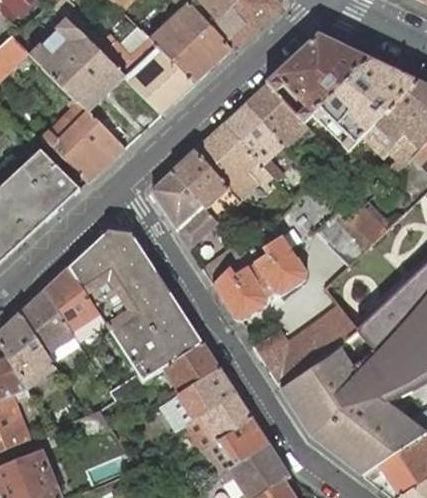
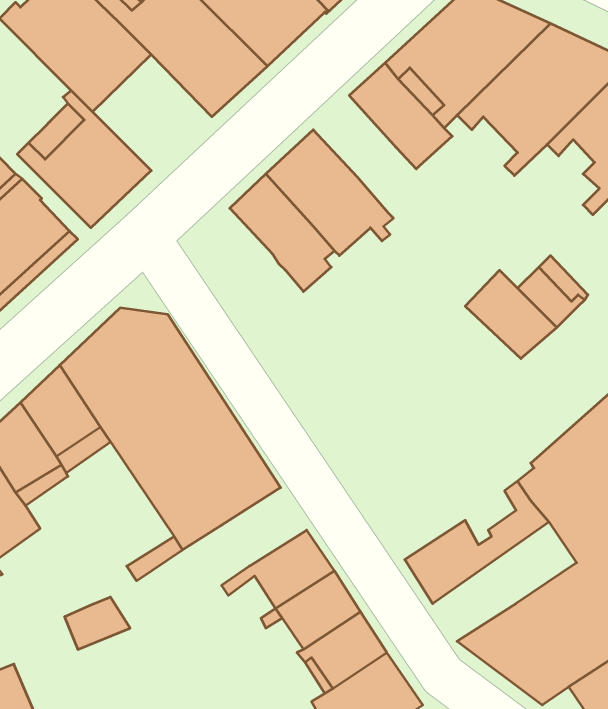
building: [223,101,291,173] -> none
building: [151,170,217,247] -> none
building: [212,236,307,319] -> none
building: [253,304,358,385] -> none
building: [167,341,219,389] -> none
building: [296,362,384,435] -> none

